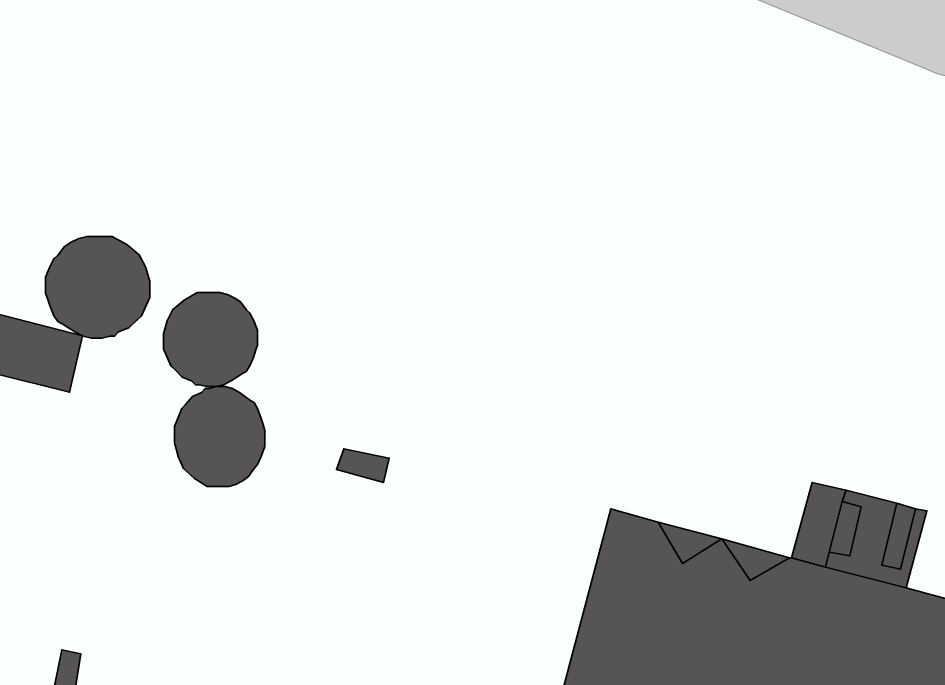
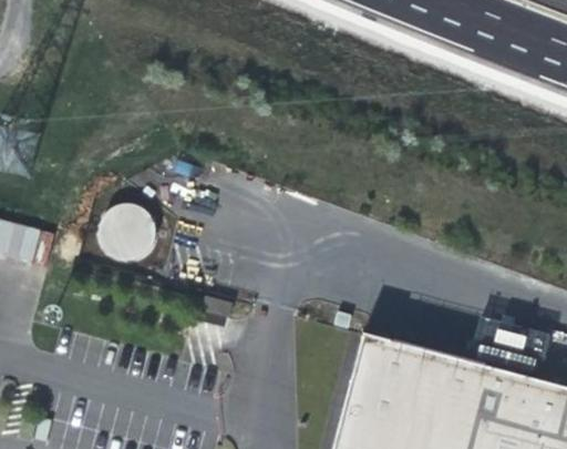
building: [46,236,150,338] -> none
building: [175,387,265,487] -> none

